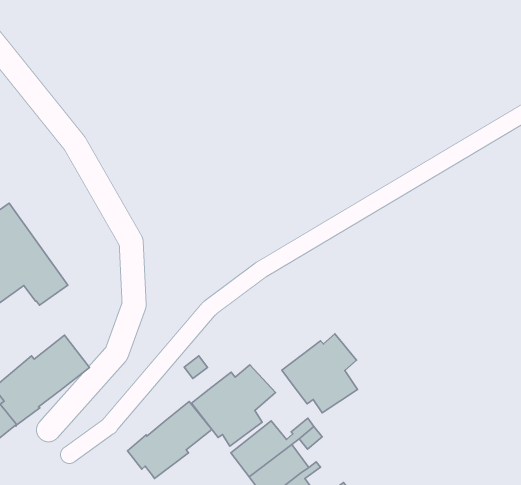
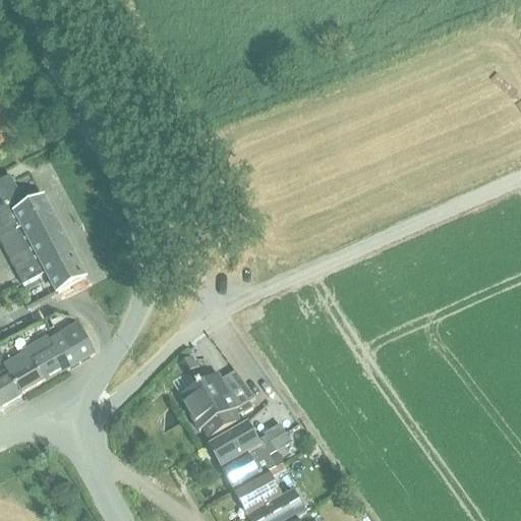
building: [282,334,357,413] -> none
building: [128,401,212,478] -> none

